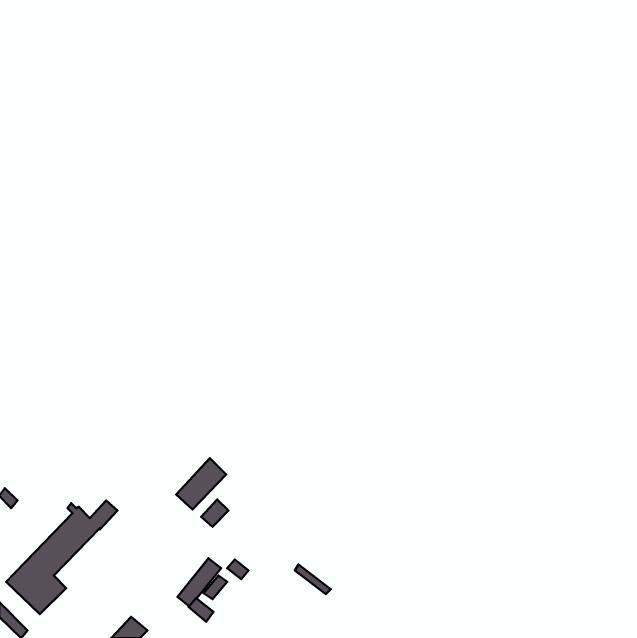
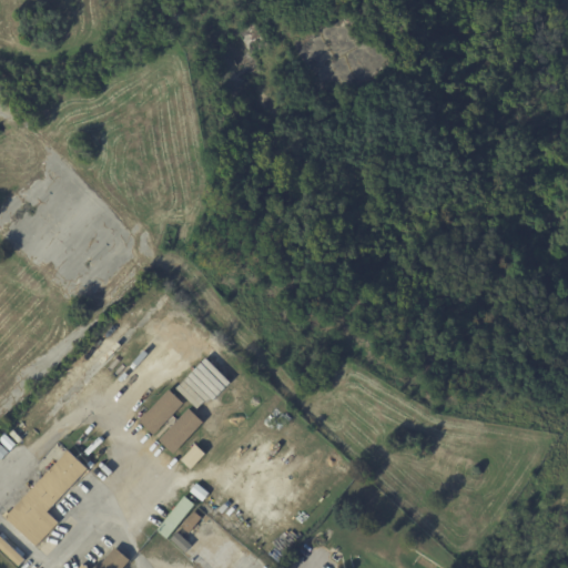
building: none -> [173,357,227,410]
building: none -> [138,388,181,434]

